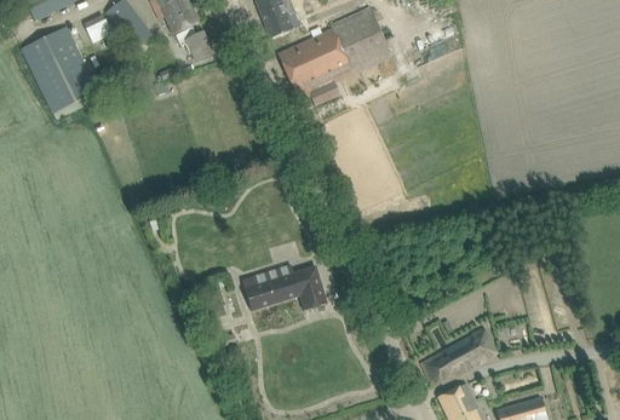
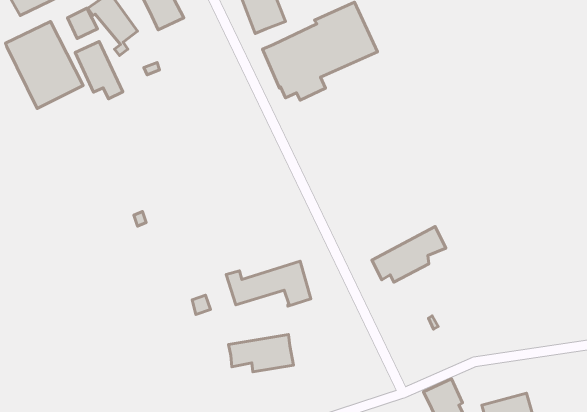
building: [176,25,213,59] -> none
building: none -> [75,41,123,99]
building: [420,327,494,382] -> [372,226,446,282]
building: none -> [228,334,293,372]

